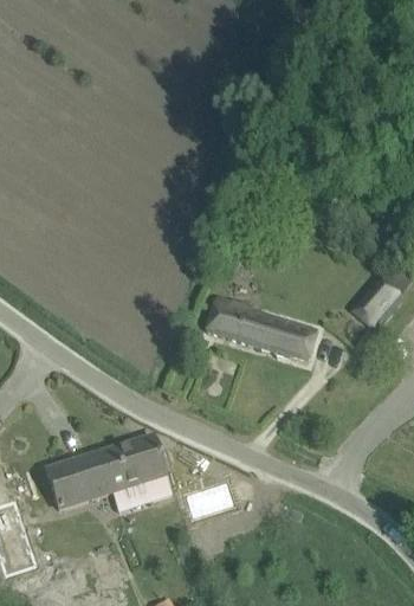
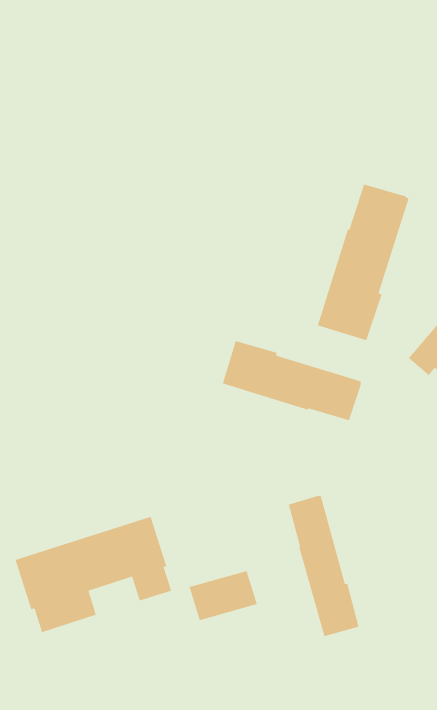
building: none -> [317,183,409,341]
building: none -> [288,495,360,637]

